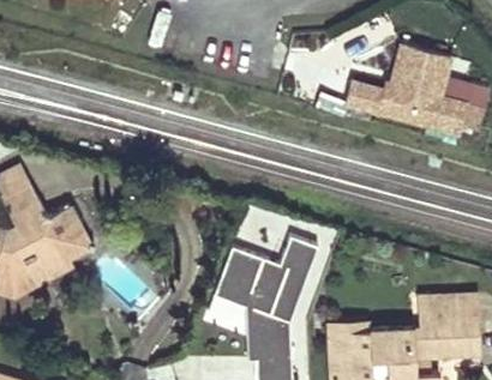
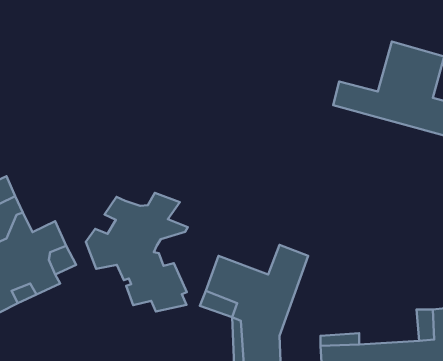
building: none -> [86,193,188,312]

